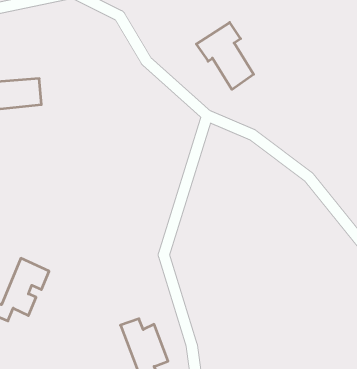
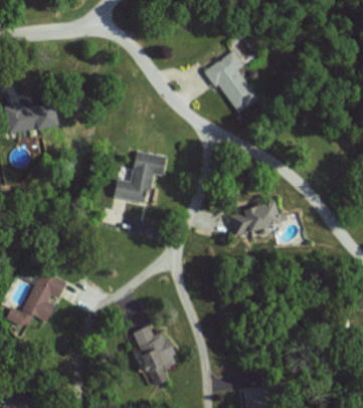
building: none -> [113,151,167,203]
building: none -> [226,197,284,240]

